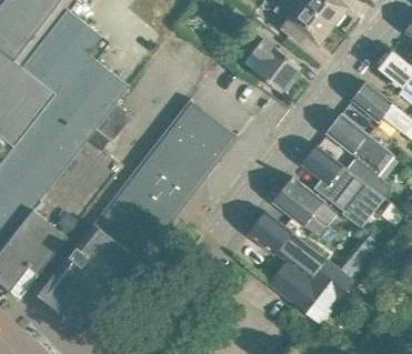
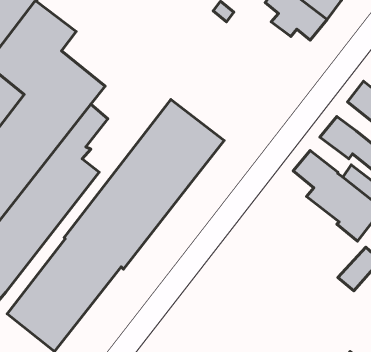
building: [241,30,300,92] -> none
building: [272,176,326,237] -> none
building: [247,211,353,323] -> none

